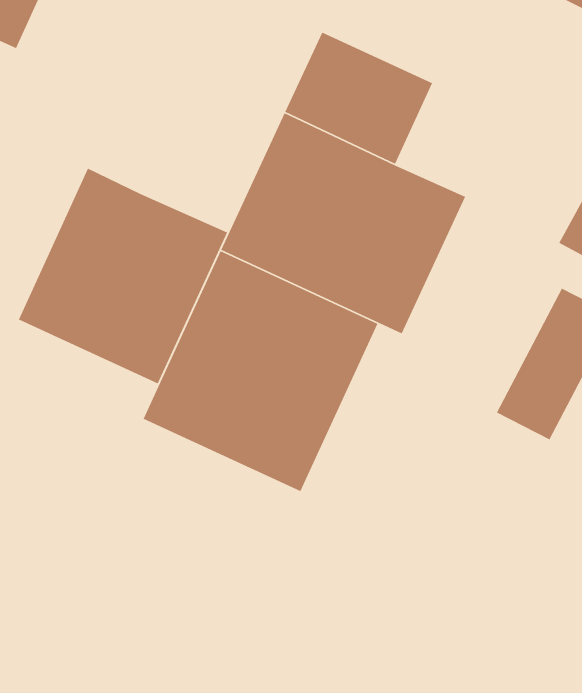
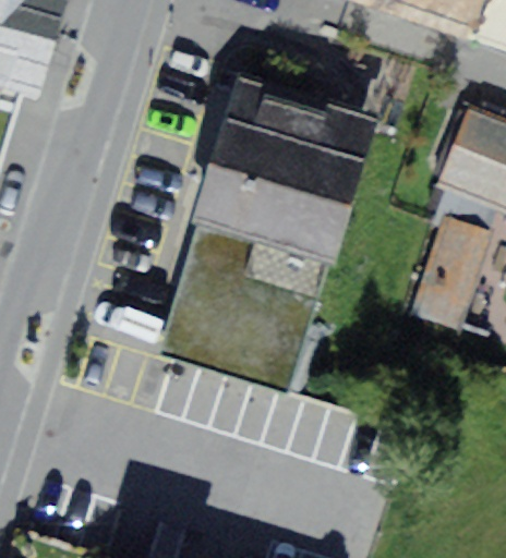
building: [18,167,228,385] -> none

